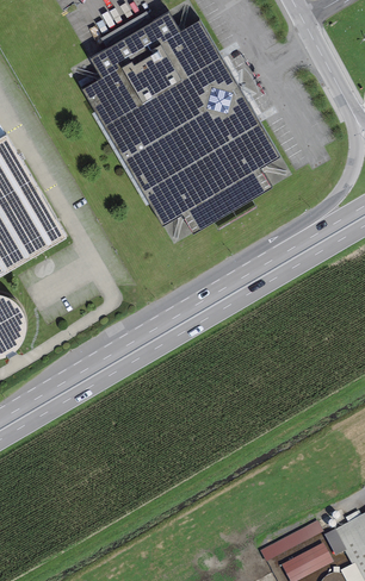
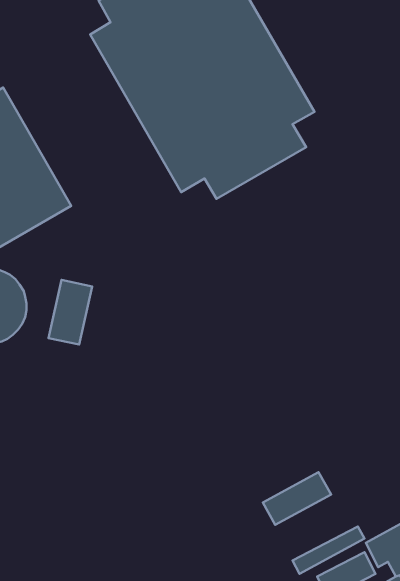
building: none -> [49,280,92,345]
building: none -> [263,472,331,525]

